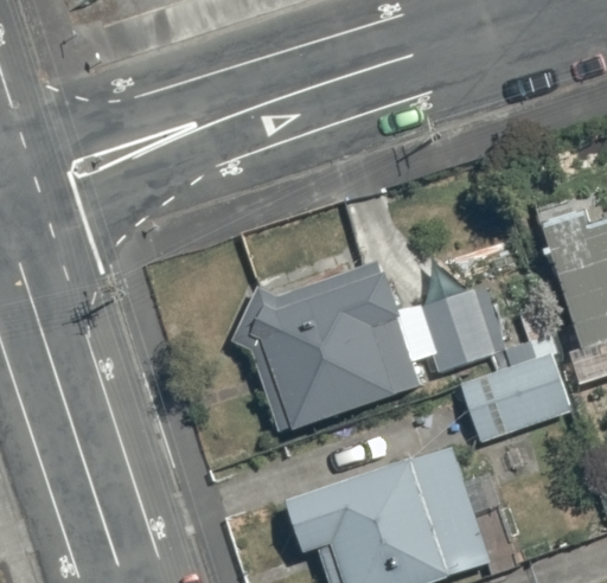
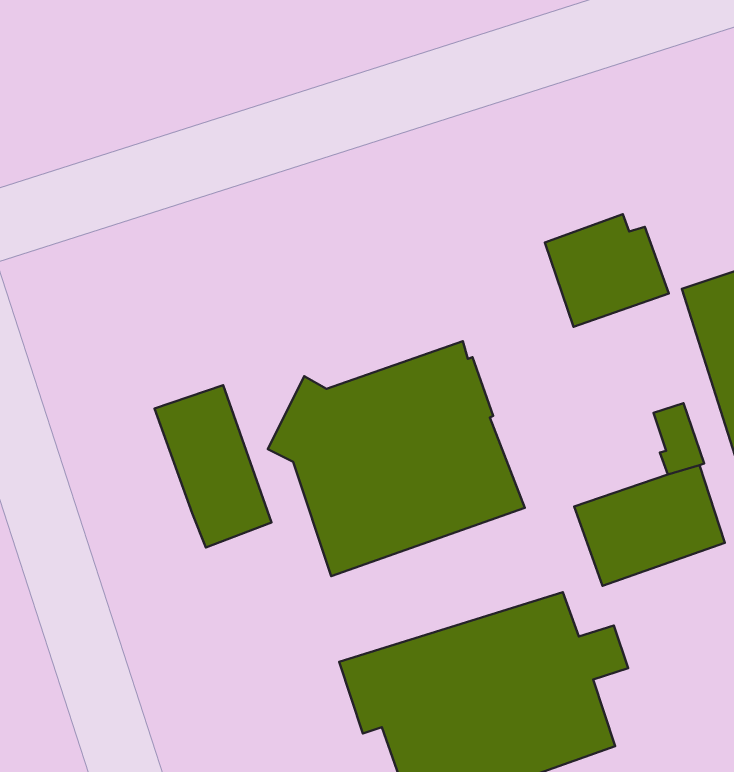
building: [416,287,509,371] -> [545,214,669,327]
building: none -> [155,385,272,548]

